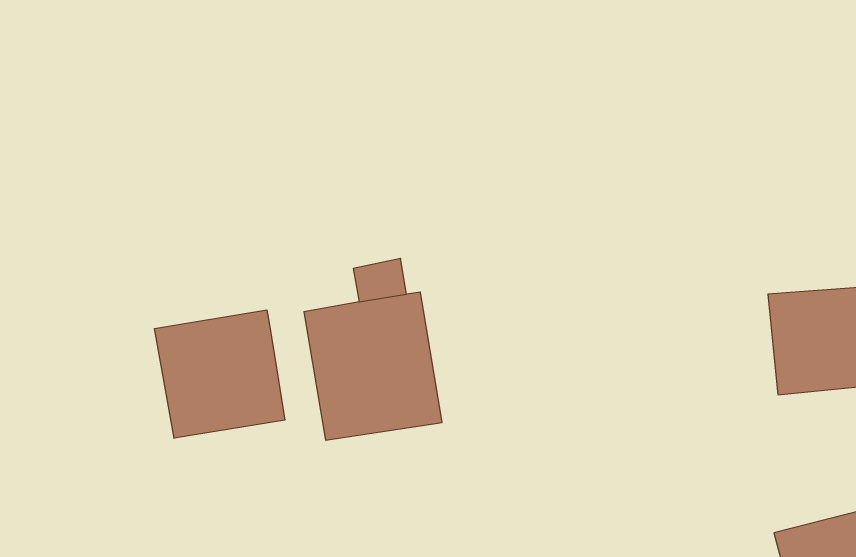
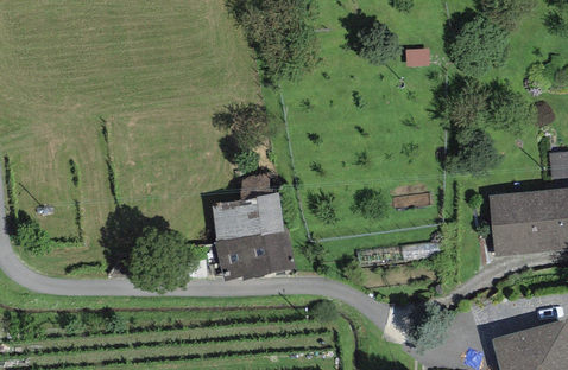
building: [154,310,285,438] -> none

